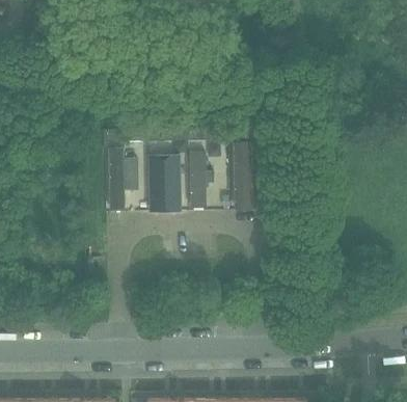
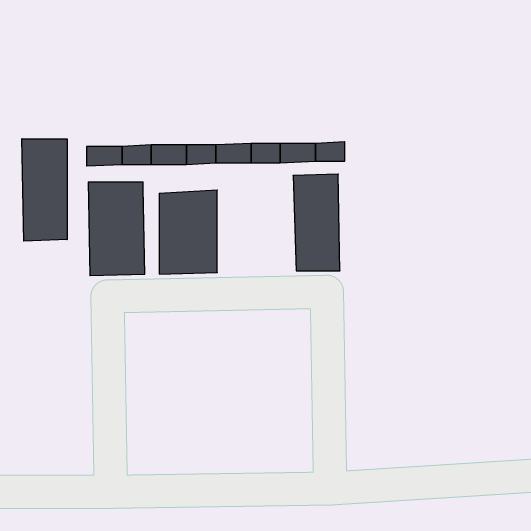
building: none -> [22,139,67,241]
building: [186,145,214,207] -> none

